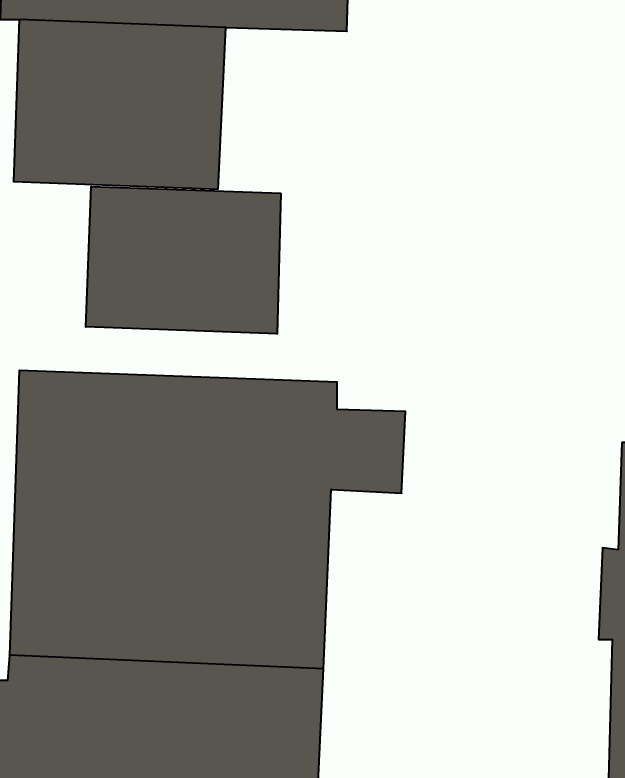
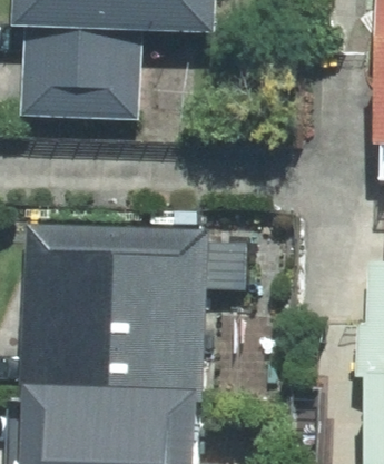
building: [86,186,281,334] -> none

